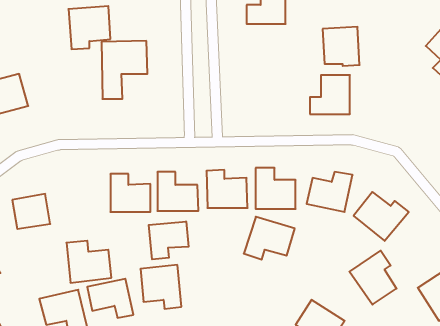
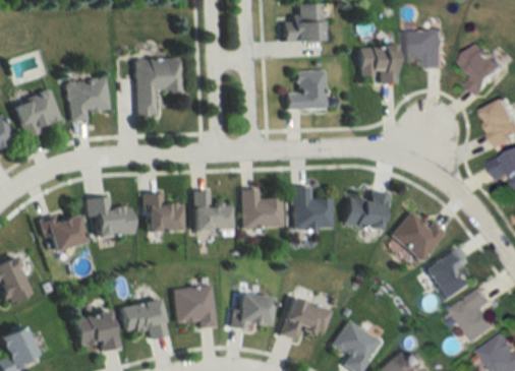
building: [68,6,110,49] -> [66,77,109,121]
building: none -> [407,28,448,67]
building: [310,75,350,114] -> [285,69,326,109]
building: [244,217,295,260] -> [279,297,331,341]
building: [149,221,189,259] -> none
building: [66,241,111,283] -> [88,195,133,238]
building: [349,251,397,305] -> [426,247,474,302]
building: none -> [232,293,271,328]

